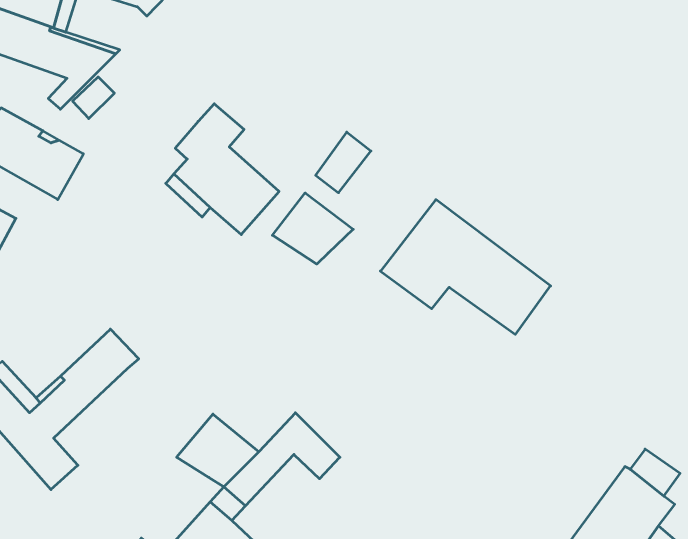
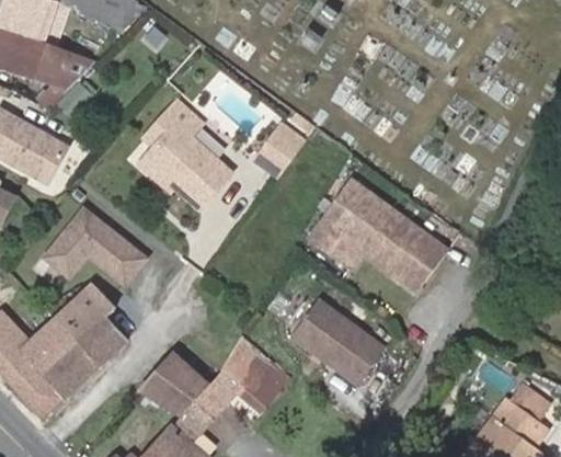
building: [272,193,353,264] -> none
building: none -> [41,208,142,285]
building: none -> [294,297,382,378]
building: none -> [44,317,123,396]

